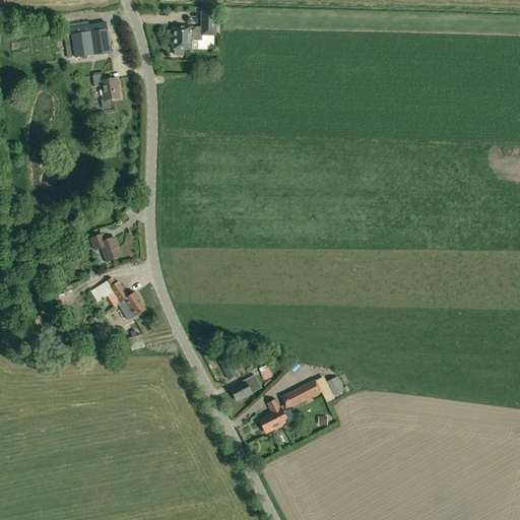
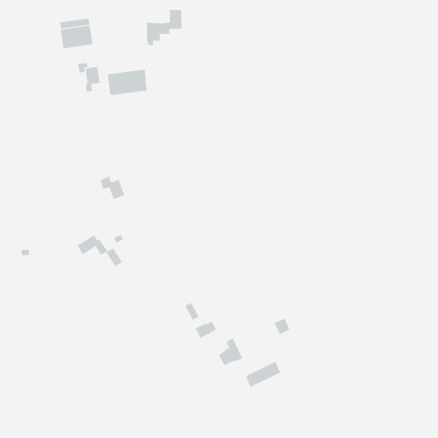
building: none -> [107,69,147,96]
building: [90,234,121,262] -> [99,176,125,200]
building: [279,379,321,410] -> [246,361,281,388]

